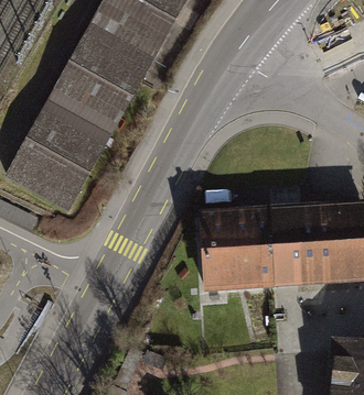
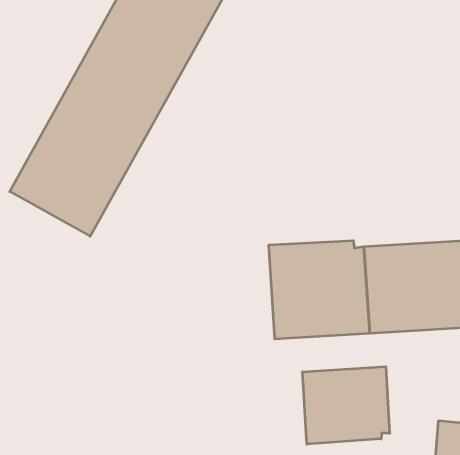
building: none -> [302,367,390,444]

